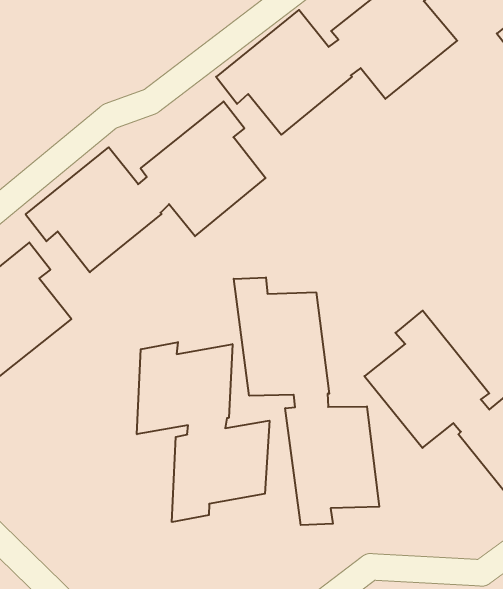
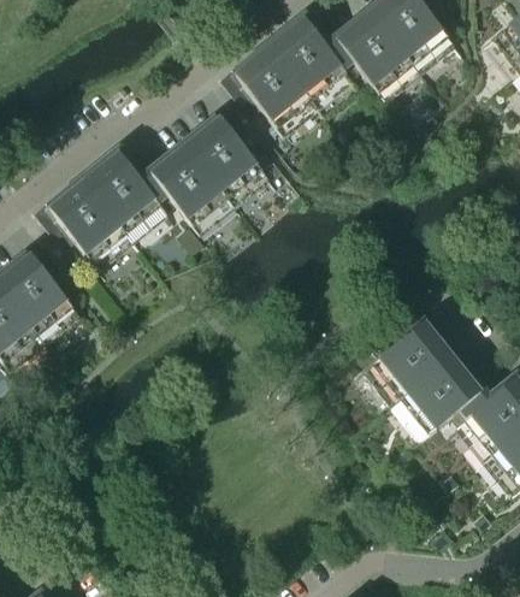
building: [234,277,379,525] -> none
building: [137,342,269,522] -> none

